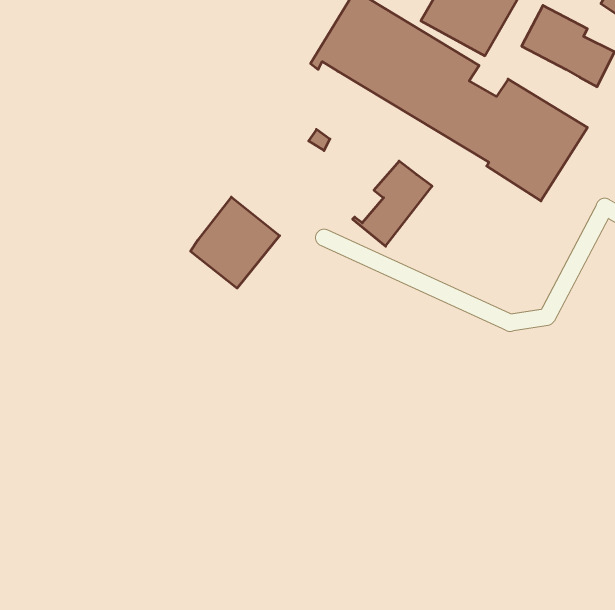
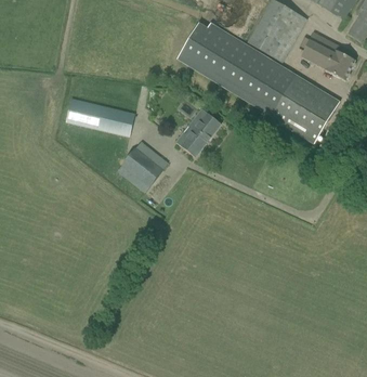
building: none -> [66,97,135,136]
building: [353,161,432,246] -> [176,108,221,156]

